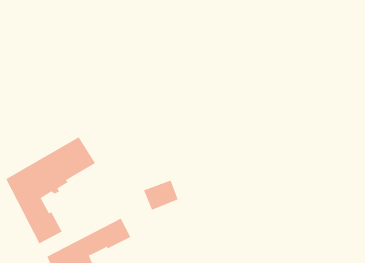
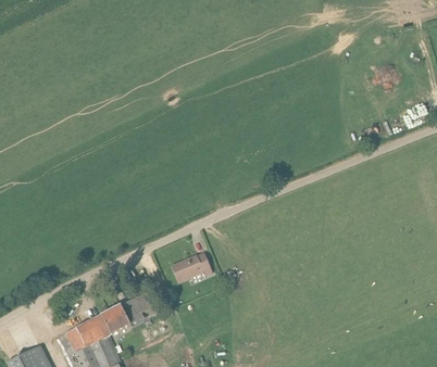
building: [5,136,96,244] -> none

